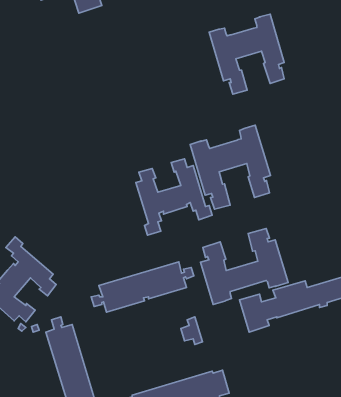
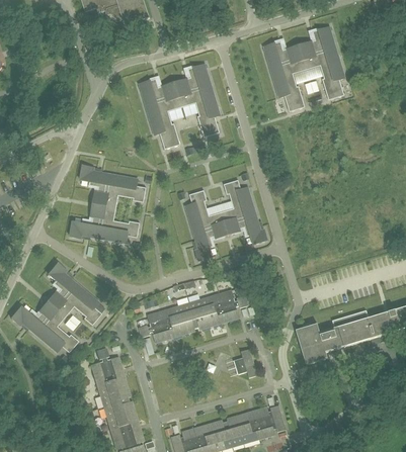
building: none -> [139,64,219,149]
building: [190,125,270,209] -> none
building: none -> [69,165,146,243]
building: [201,229,288,305] -> none

